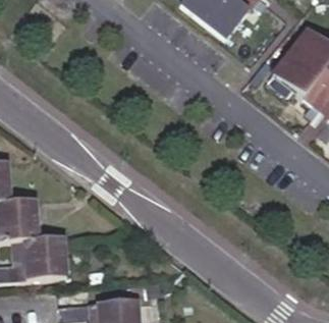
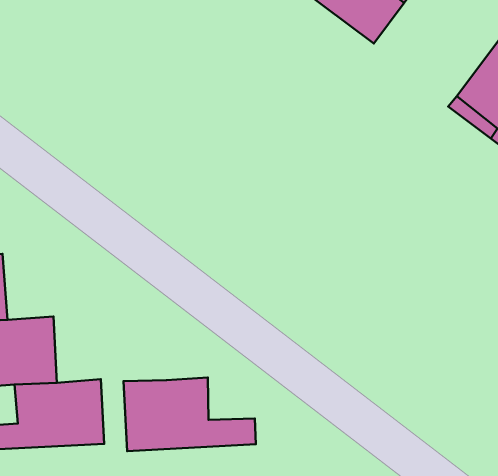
building: none -> [123,377,256,451]

